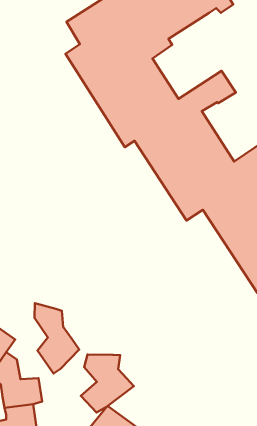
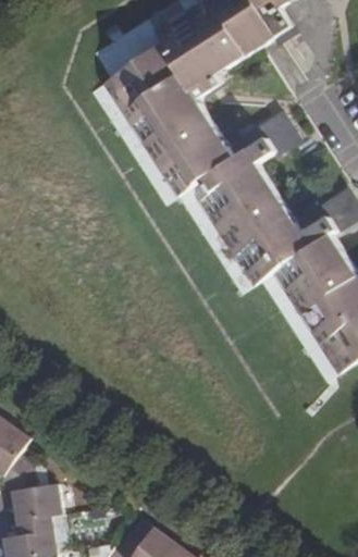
building: [35,303,79,373] -> none
building: [81,354,134,412] -> none

